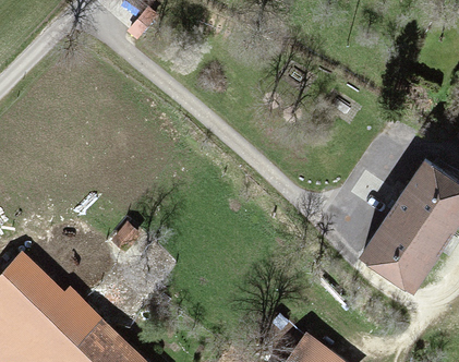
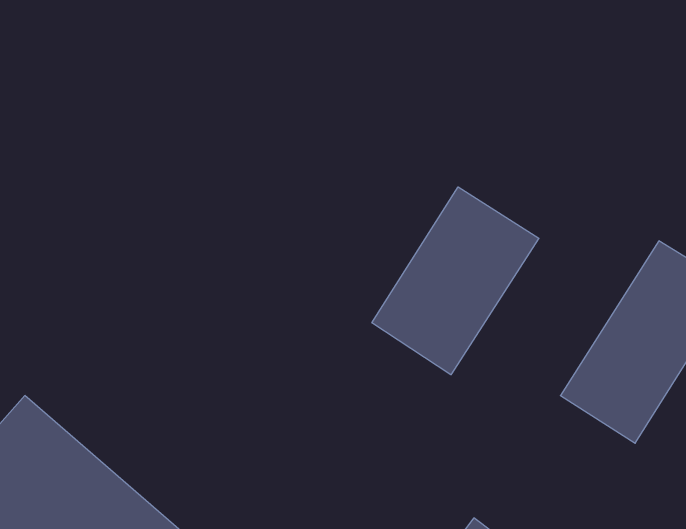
building: none -> [372,187,539,375]

